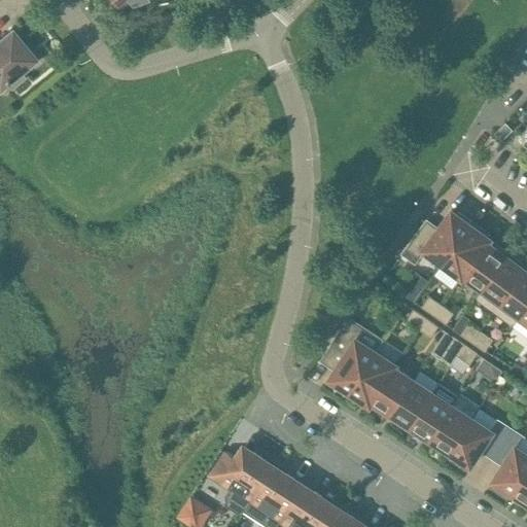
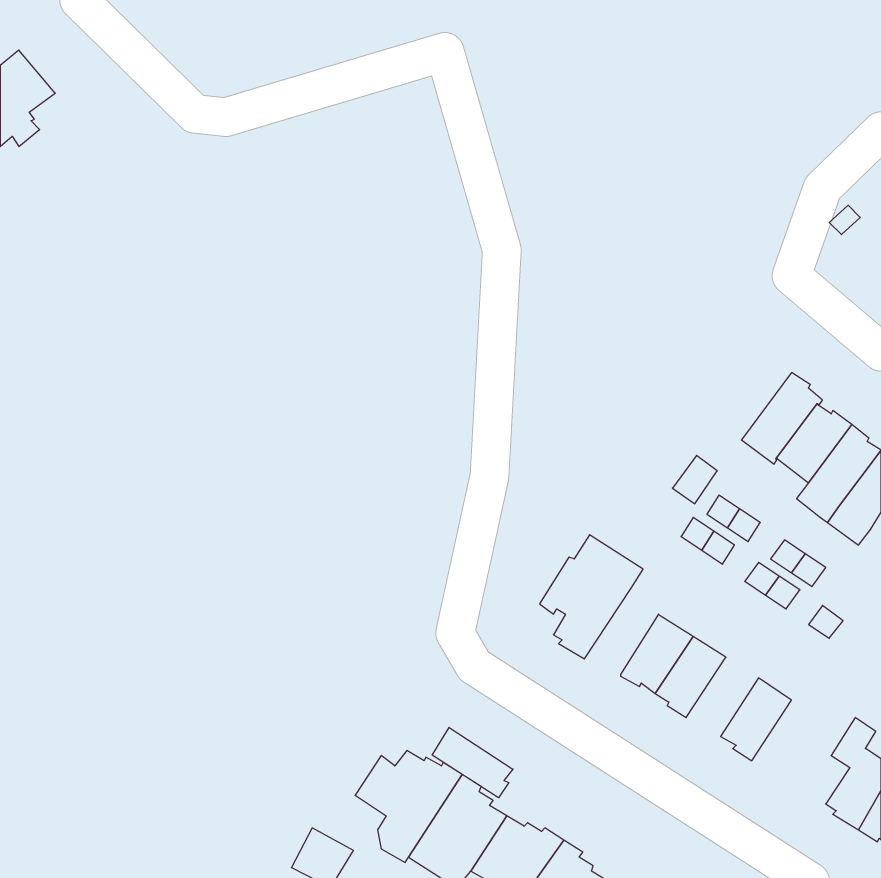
building: [403,212,472,265] -> none
building: [349,353,396,407] -> none
building: [410,386,458,442] -> none
building: [449,420,511,467] -> none
building: none -> [432,727,513,798]

